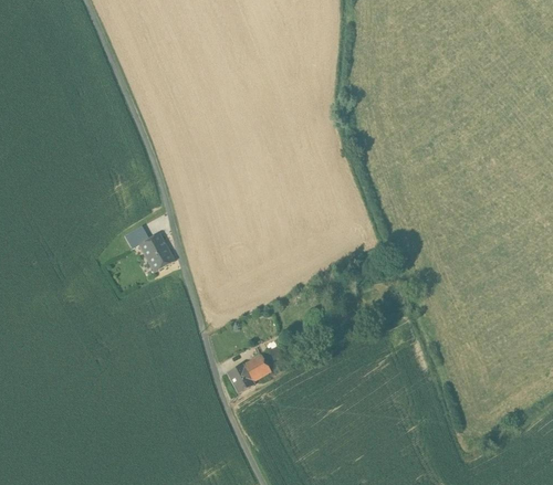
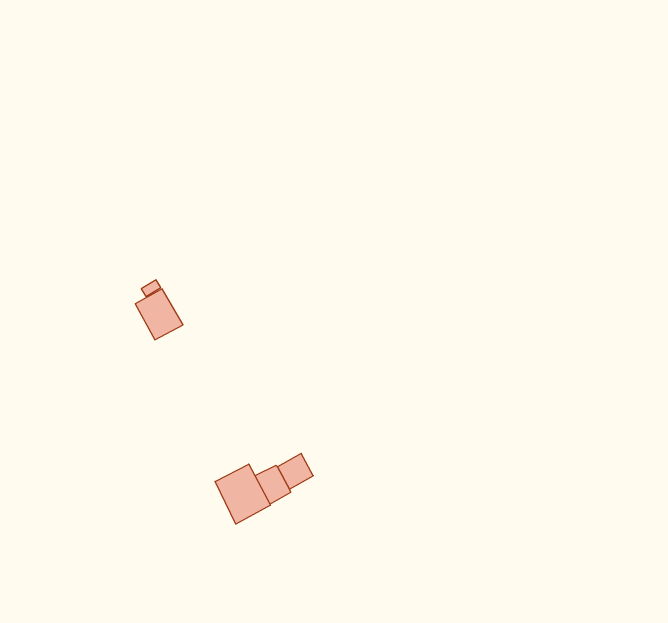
building: none -> [215,464,270,524]

